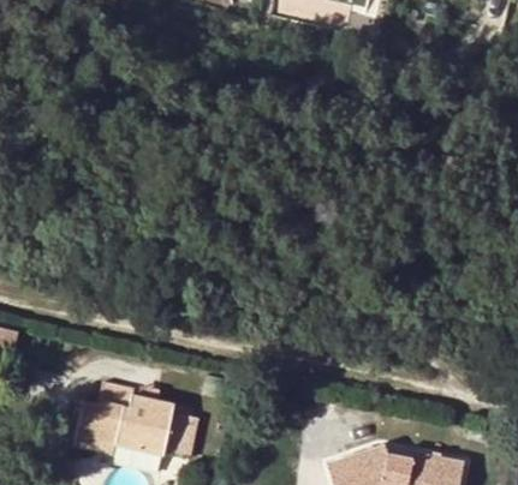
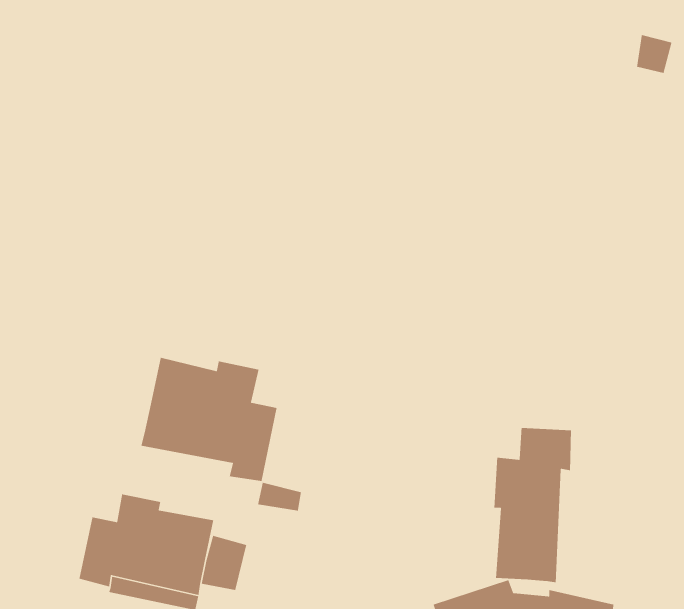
building: none -> [140,357,278,482]
building: none -> [494,427,572,583]

